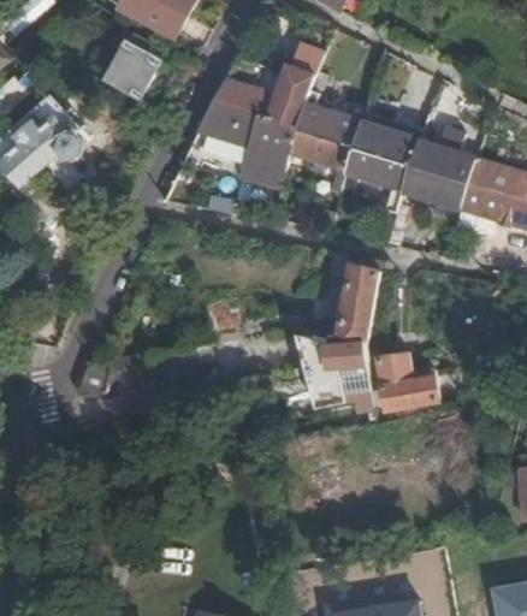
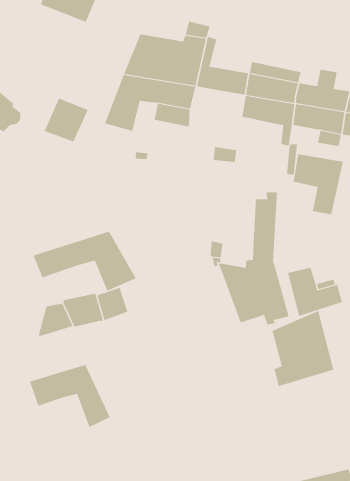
building: [105,46,160,100] -> [44,98,88,142]
building: [284,129,350,188] -> none
building: none -> [293,154,344,215]
building: none -> [33,231,137,291]
building: none -> [272,310,334,387]
building: none -> [29,364,111,428]

